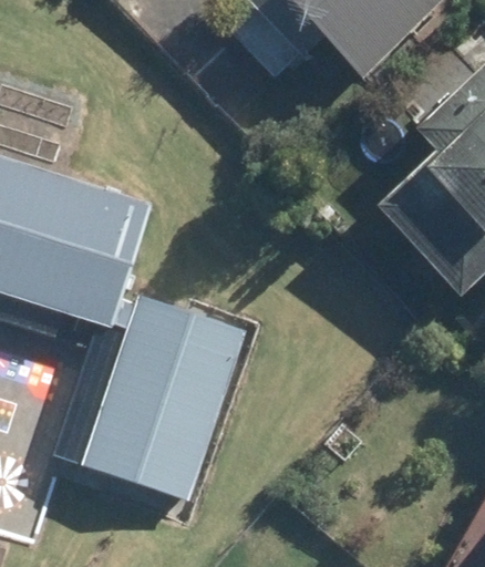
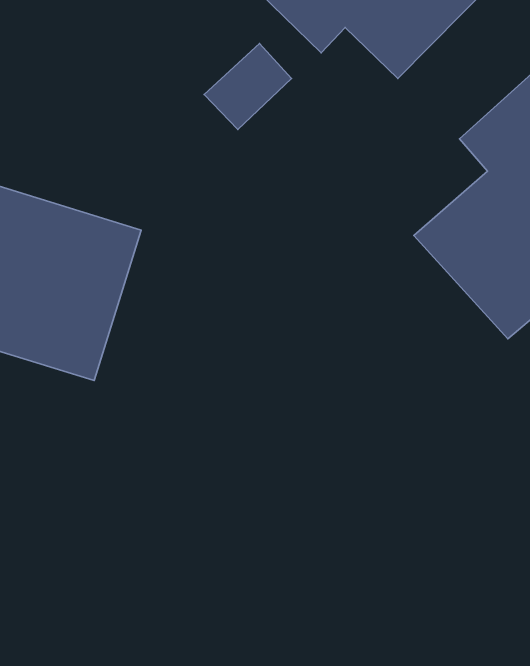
building: [82,287,237,488] -> none

